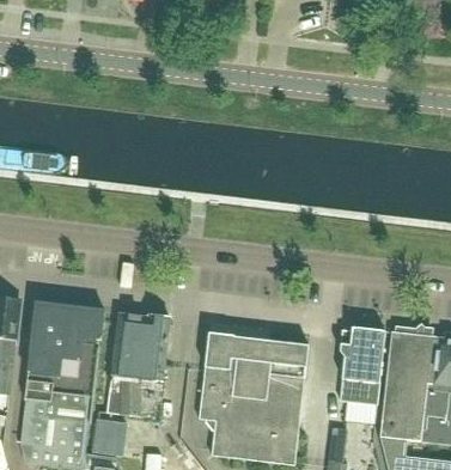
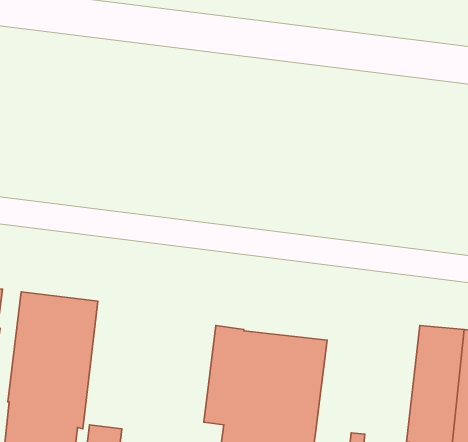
building: [106,313,170,414] -> none
building: [340,326,385,404] -> none

